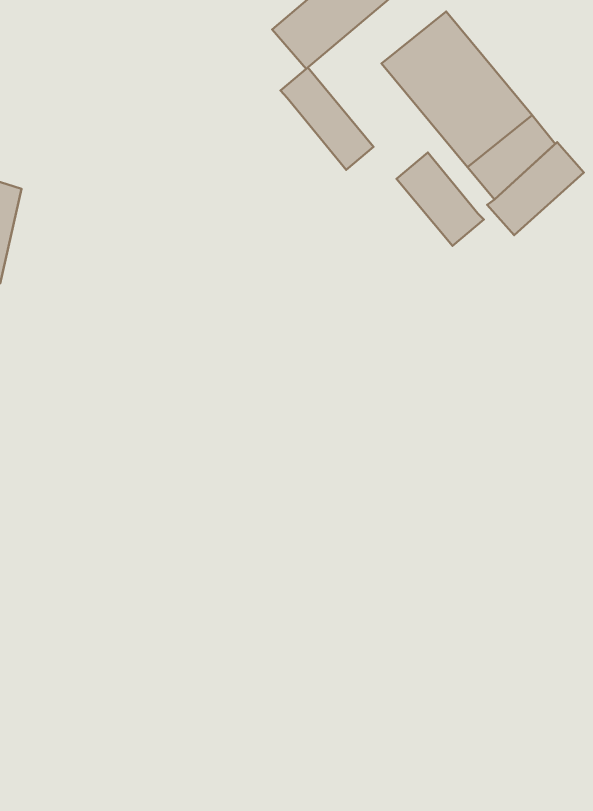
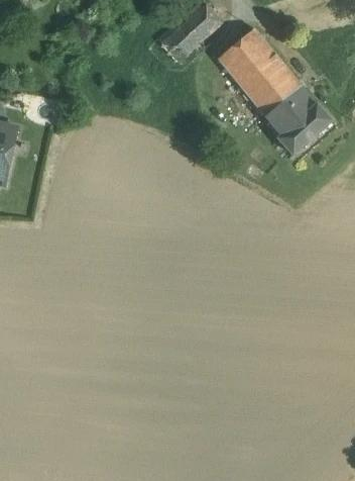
building: [280,67,374,170] -> none
building: [397,152,484,246] -> none

